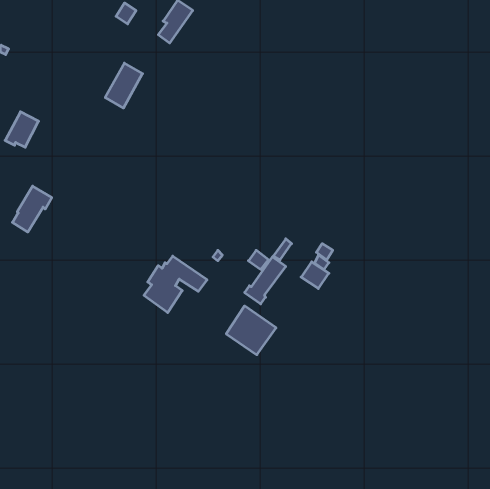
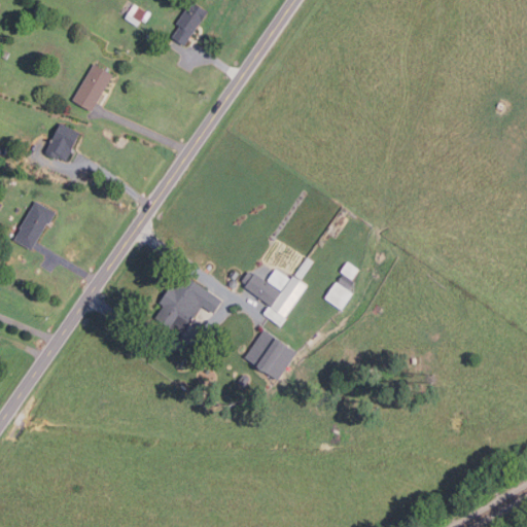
building: [105,63,143,108] -> [72,63,112,111]
building: [5,112,39,147] -> [42,122,78,161]
building: none -> [241,273,279,306]

